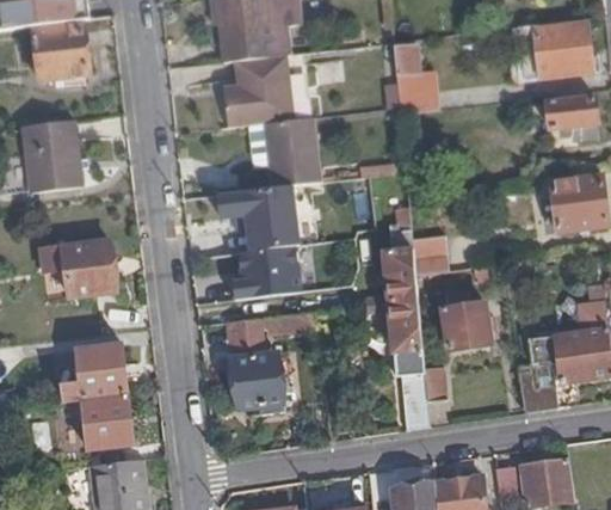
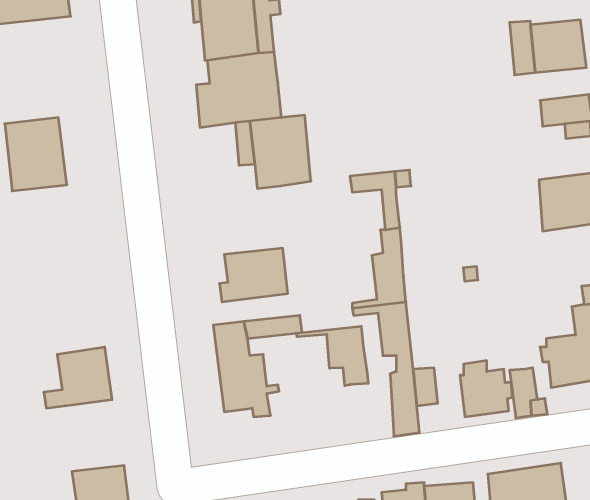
building: [37,25,90,80] -> none
building: [393,42,434,112] -> none
building: [220,186,301,252] -> none
building: [412,235,449,275] -> none
building: [38,240,115,295] -> none
building: [443,295,494,350] -> [460,361,512,417]
building: none -> [296,326,368,386]
building: [82,395,135,450] -> none

